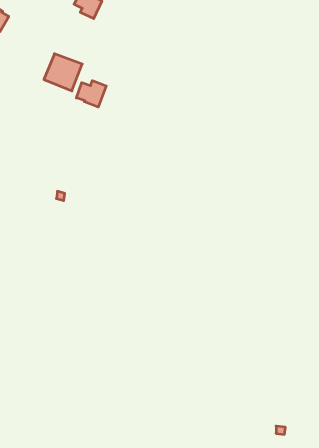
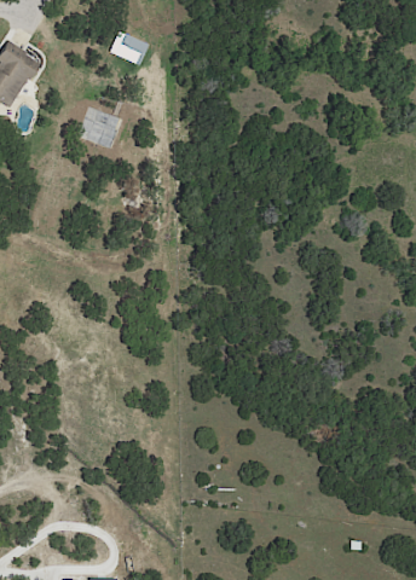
building: [76,81,106,107] -> none

